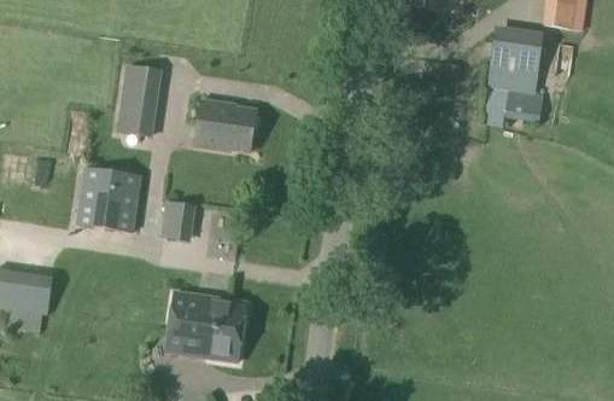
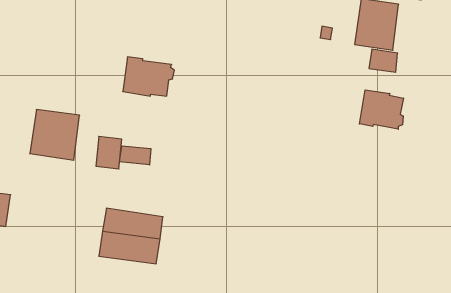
building: [118,65,157,138] -> none
building: none -> [359,90,403,129]
building: none -> [120,146,151,165]

